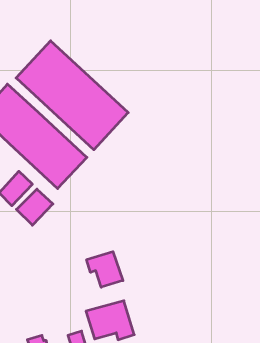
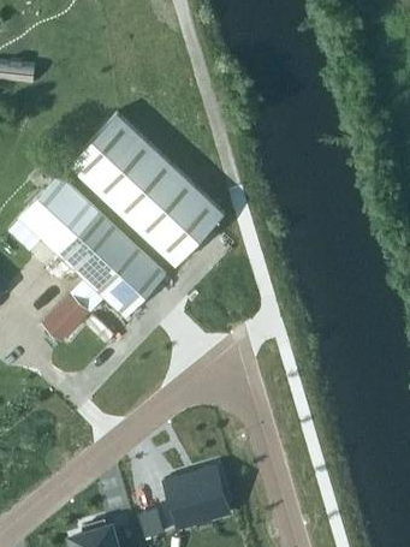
building: [16,189,53,225] -> none
building: [87,252,123,287] -> none

